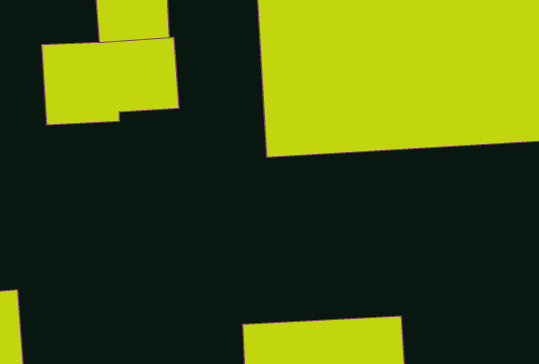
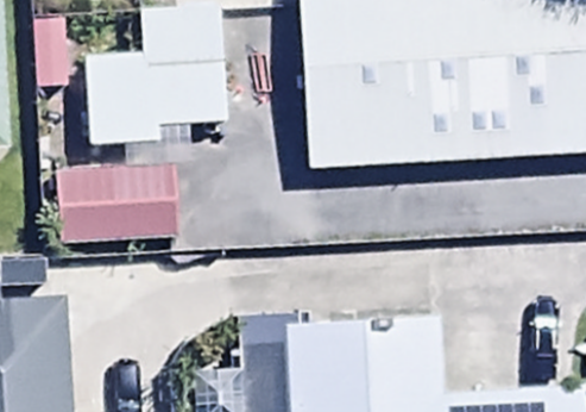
building: none -> [51,168,170,243]

